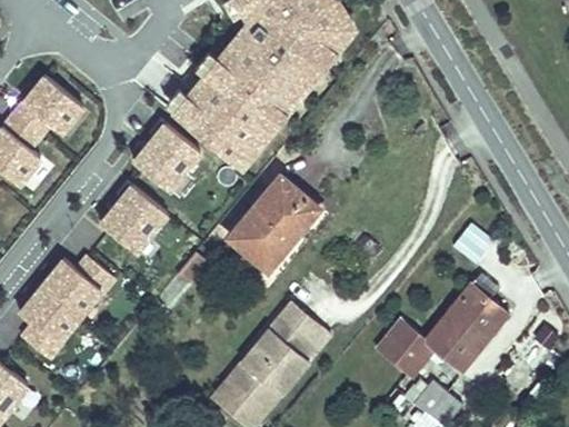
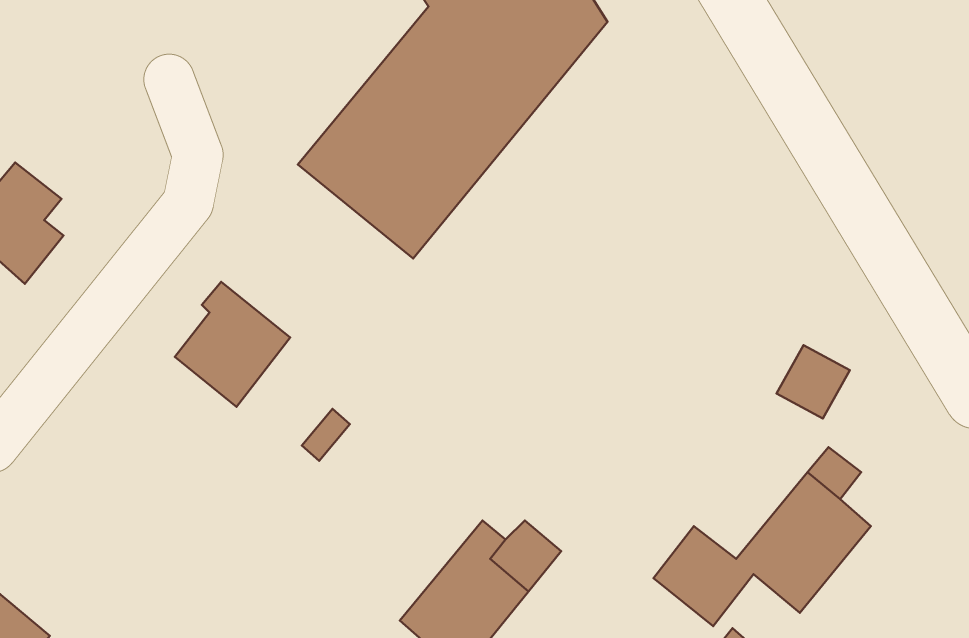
building: [10,72,80,133] -> none
building: [133,118,201,191] -> none
building: [220,170,323,278] -> none
building: [22,257,116,359] -> none

